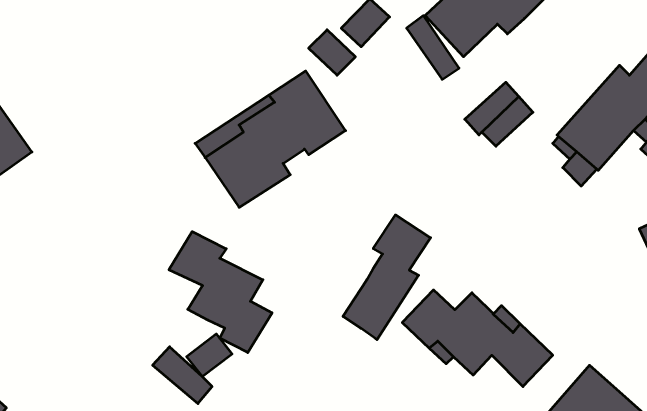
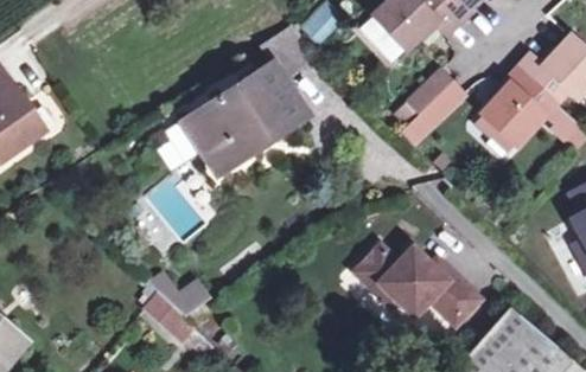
building: [343,215,431,340] -> none
building: [169,232,272,353] -> none

